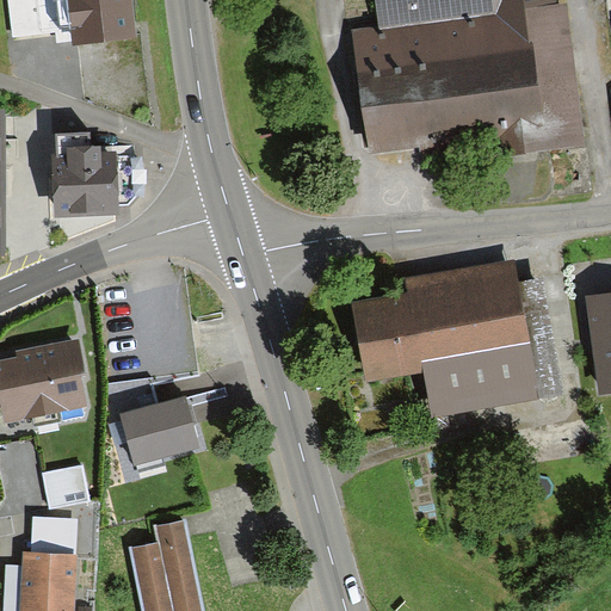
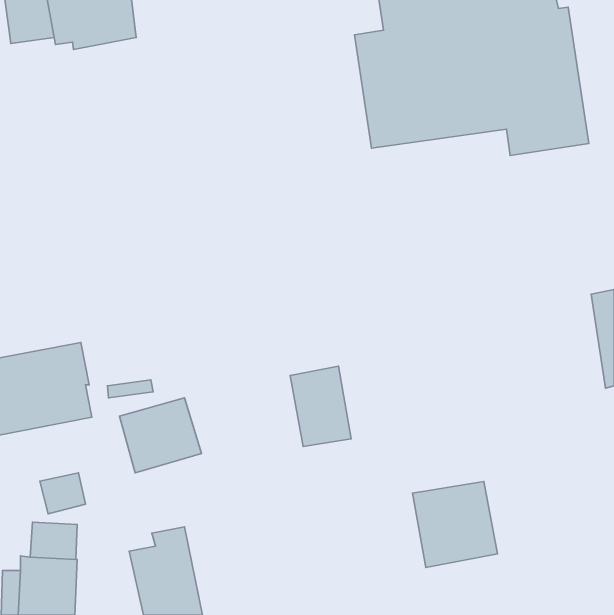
building: [49,131,118,218] -> none
building: [352,259,560,416] -> none
building: none -> [290,366,351,446]
building: none -> [413,481,498,567]

